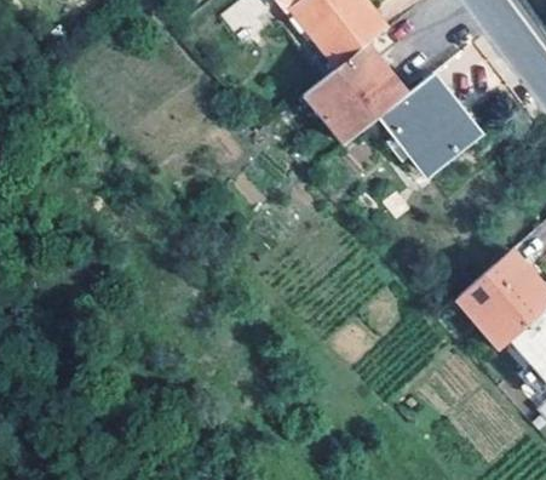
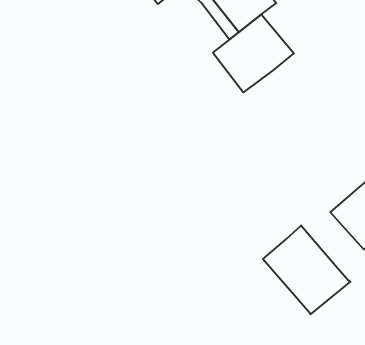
building: [385,74,482,173] -> none
building: none -> [263,225,350,314]

